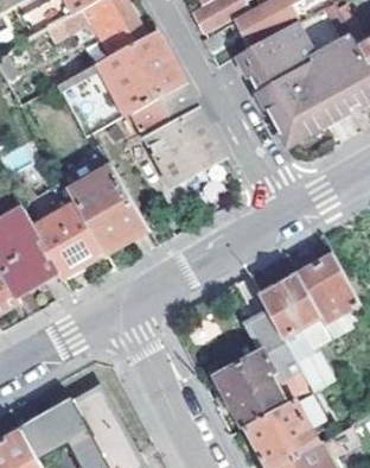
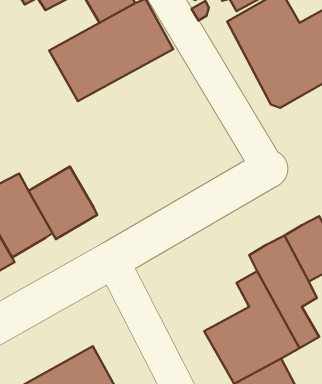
building: [129,81,223,185] -> none
building: [69,166,146,245] -> none

